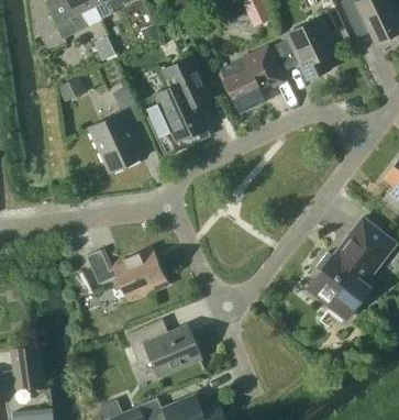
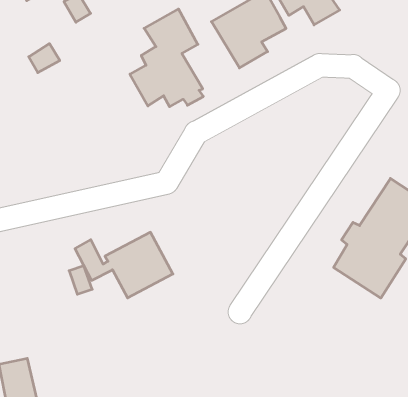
building: [89,86,142,170] -> none
building: [125,322,199,375] -> none

